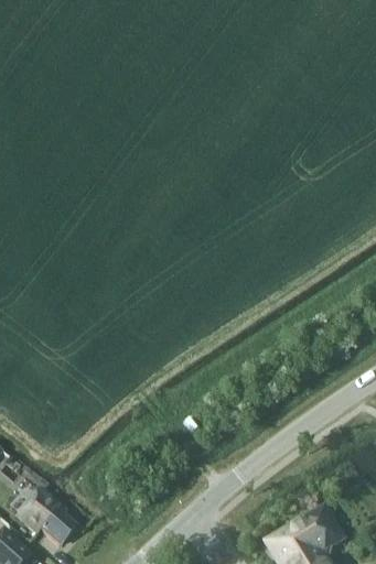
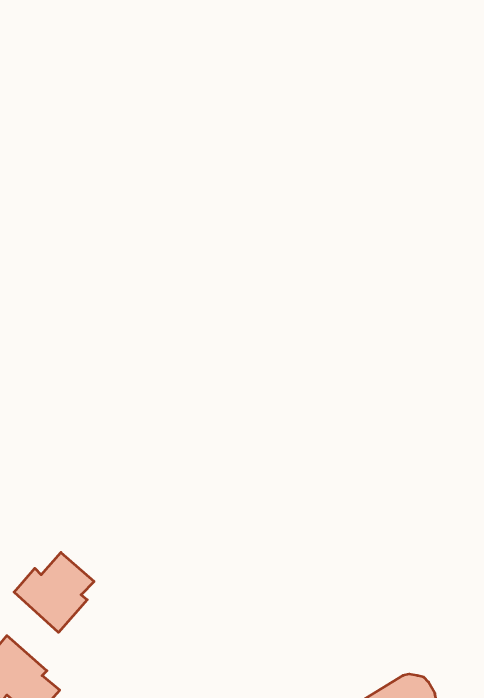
building: none -> [14,552,94,632]

